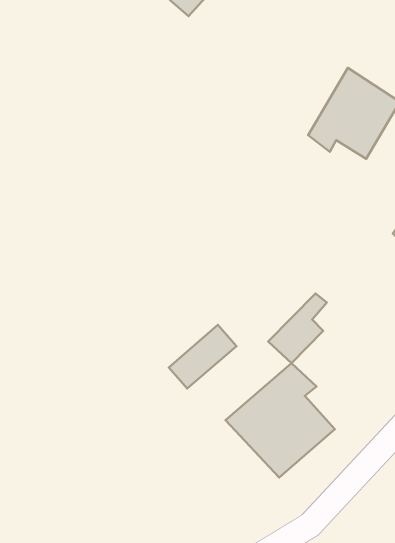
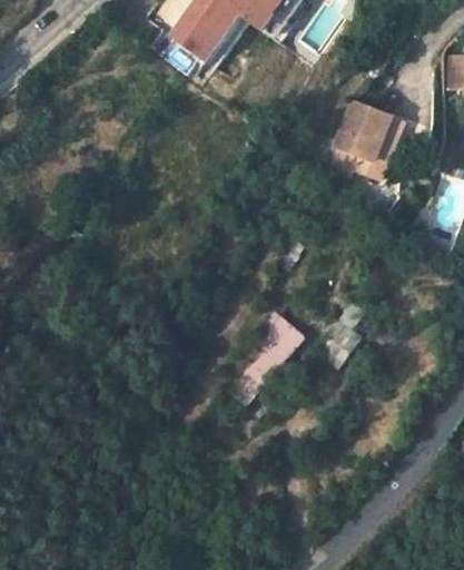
building: none -> [255,307,306,357]
building: [225,363,335,477] -> none

